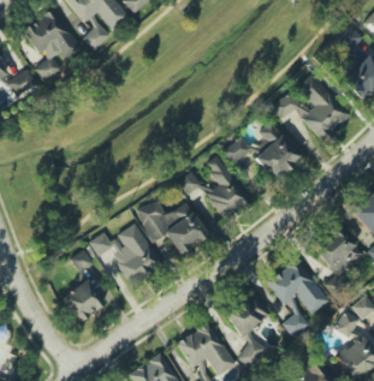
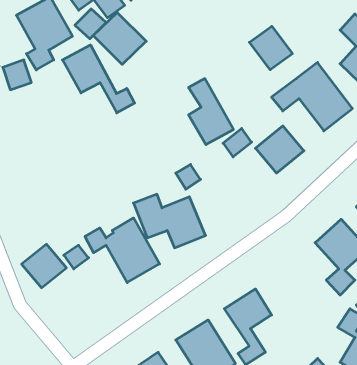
building: none -> [93,12,146,64]
building: none -> [249,26,292,70]
building: none -> [62,45,135,113]
building: [206,155,249,219] -> [189,79,233,145]
building: [267,260,331,334] -> none
building: [63,280,106,322] -> [22,244,66,288]

